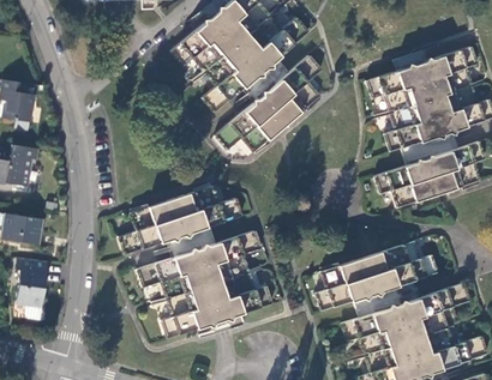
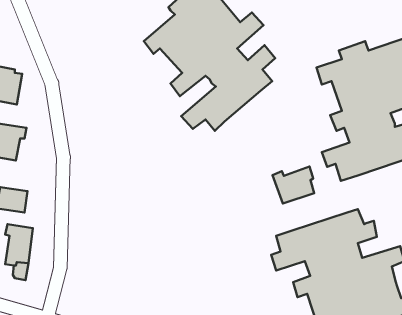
building: [118,186,270,338] -> none
building: none -> [273,167,314,203]

